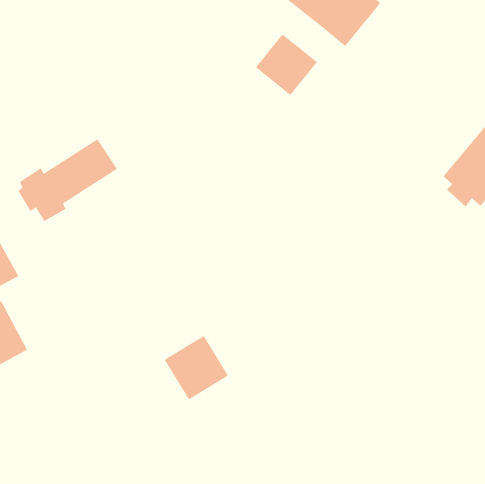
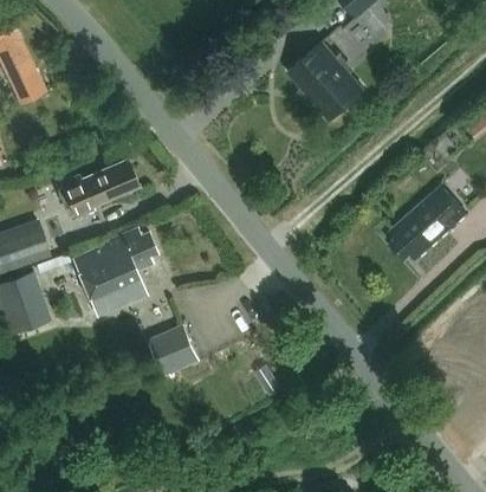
building: [255,34,318,96] -> none
building: none -> [73,232,156,306]

